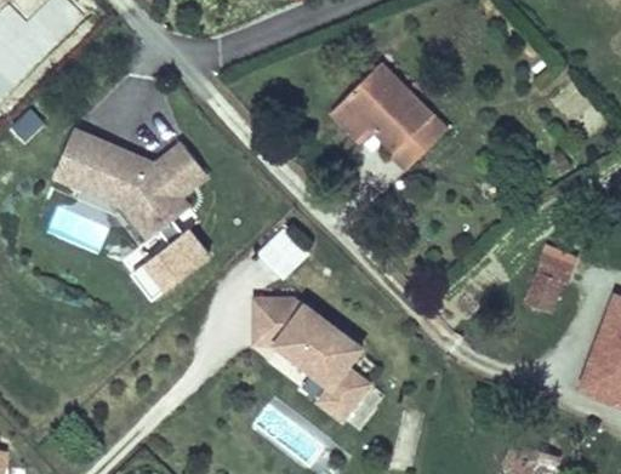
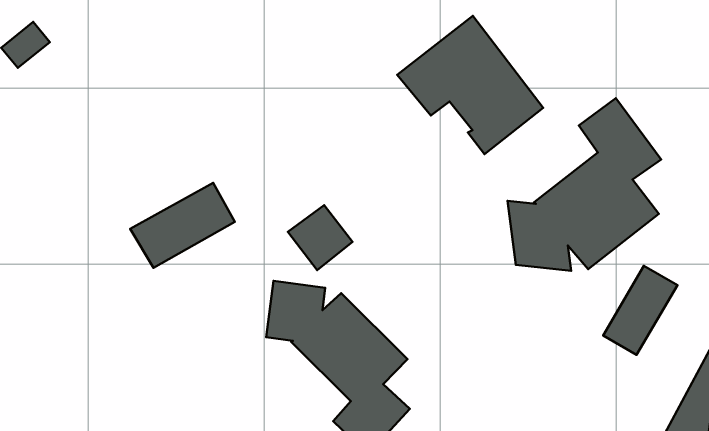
building: none -> [508,98,661,271]
building: [52,126,210,241] -> none

